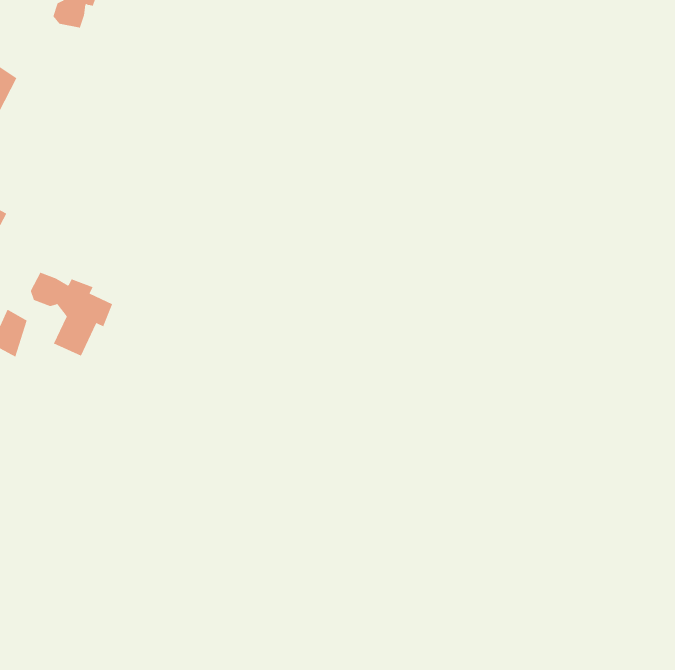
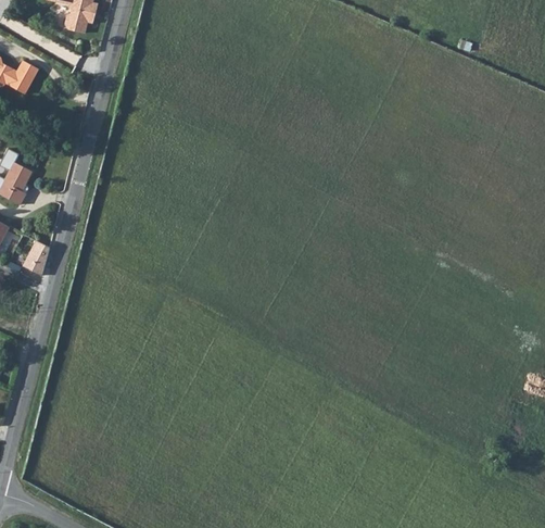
building: [30,272,113,357] -> none

